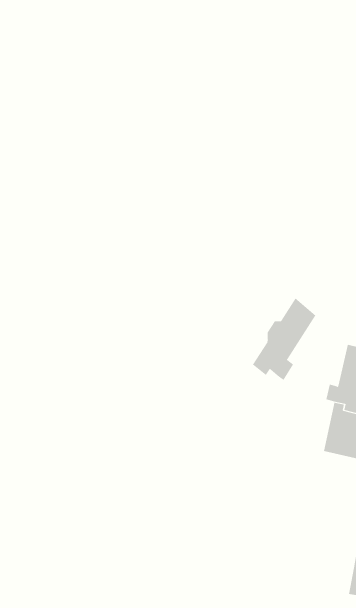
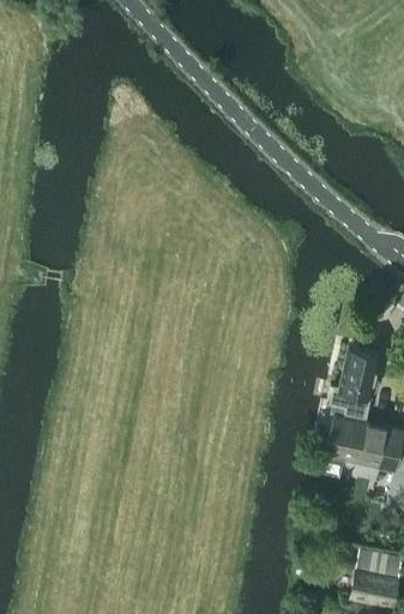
building: [252,298,316,381] -> none

